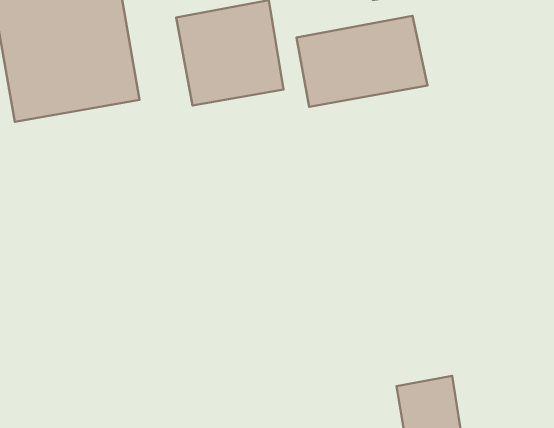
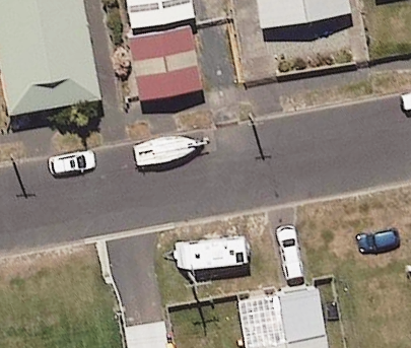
building: [296,16,427,107] -> none

